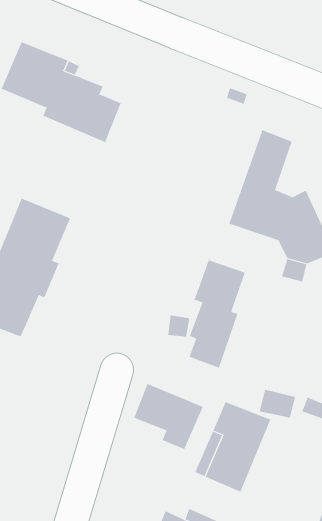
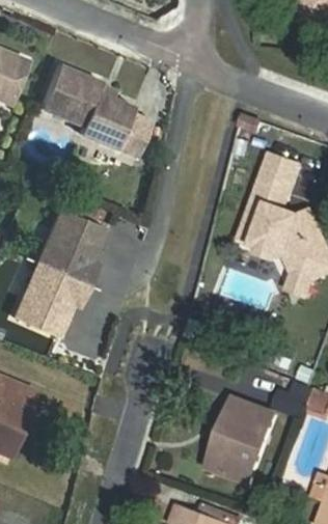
building: [189,259,246,369] -> none
building: [133,383,203,450] -> none

